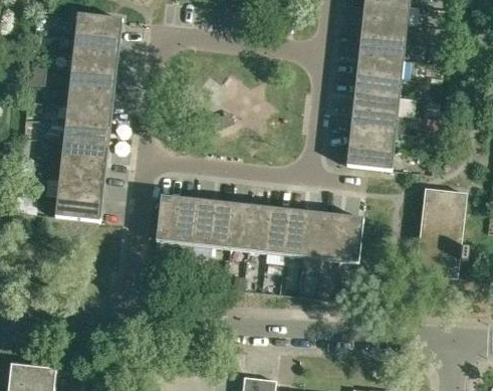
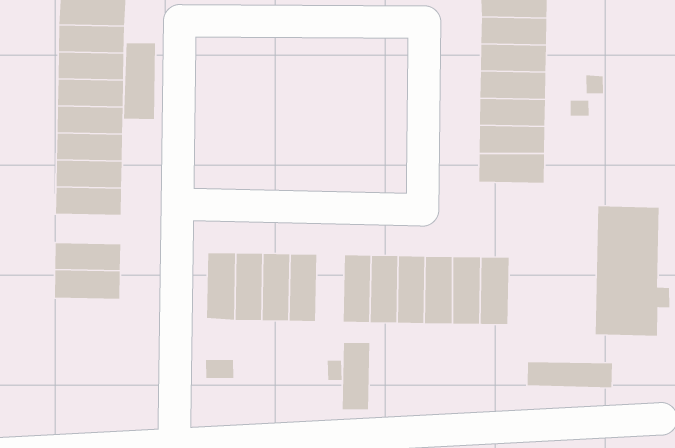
building: none -> [123,42,156,120]
building: [59,160,105,184] -> none
building: [229,203,252,250] -> [342,342,370,410]
building: none -> [527,362,613,388]

